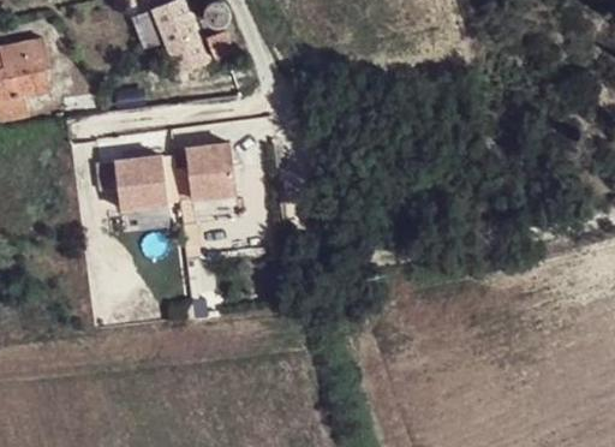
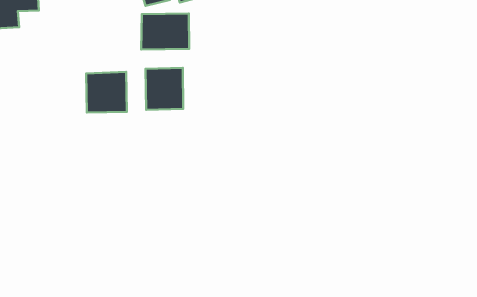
building: none -> [141,14,189,49]

